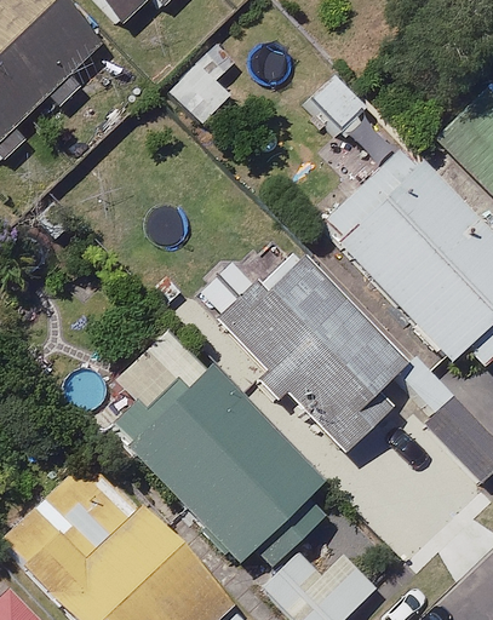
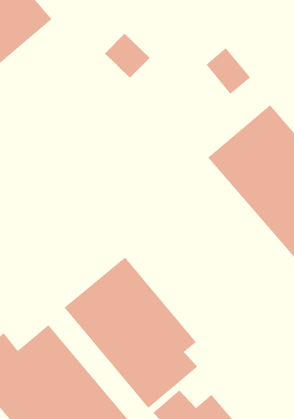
building: [220,251,402,431] -> none

